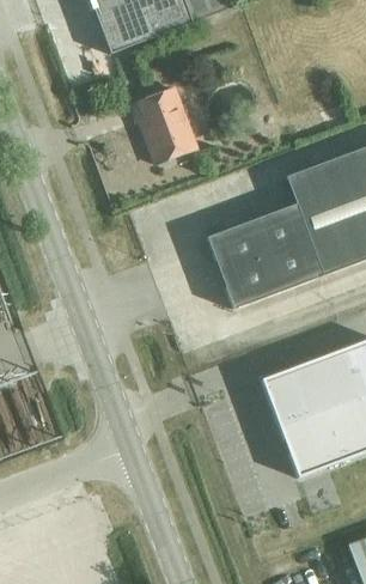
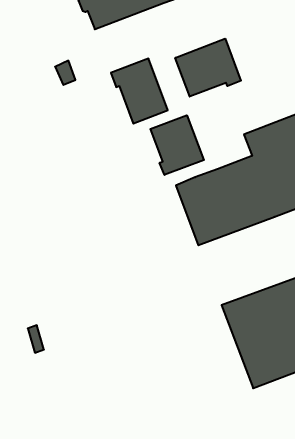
building: none -> [175,39,241,97]
building: none -> [150,115,204,175]

